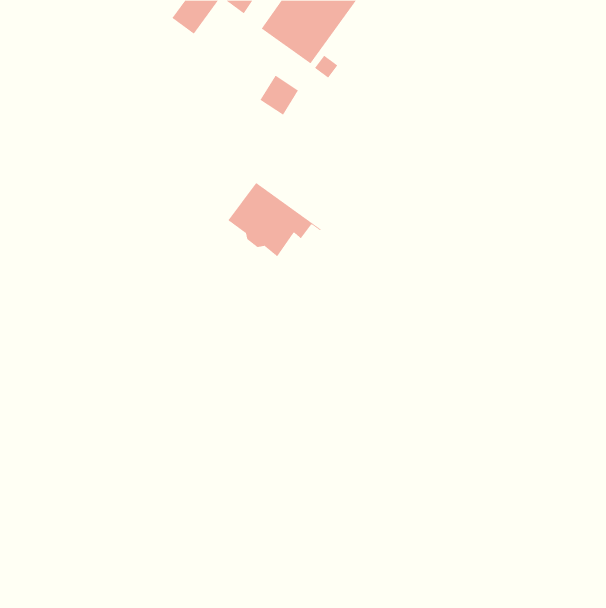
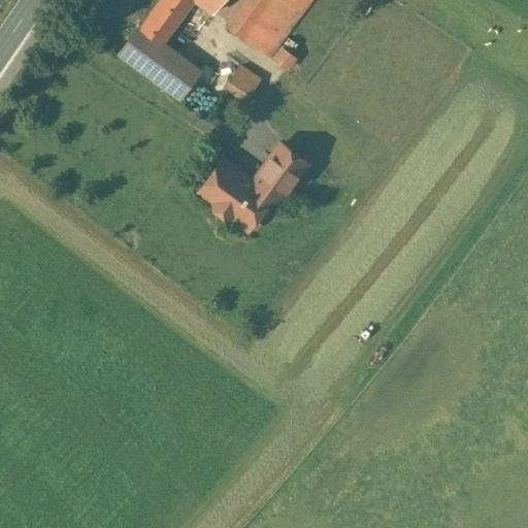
building: none -> [121,26,201,98]
building: none -> [254,142,307,199]

